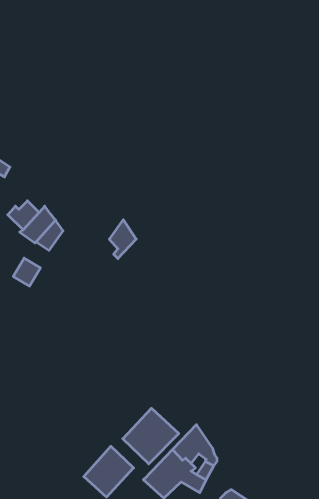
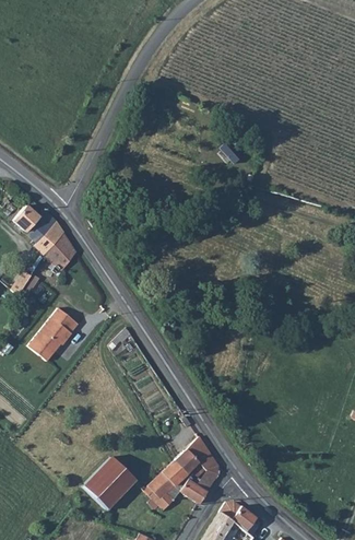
building: [109,220,136,259] -> [50,238,78,278]
building: none -> [29,308,75,362]
building: [123,408,179,464] -> none

